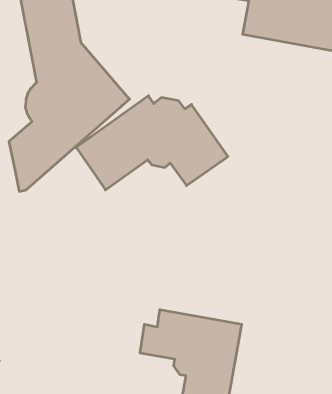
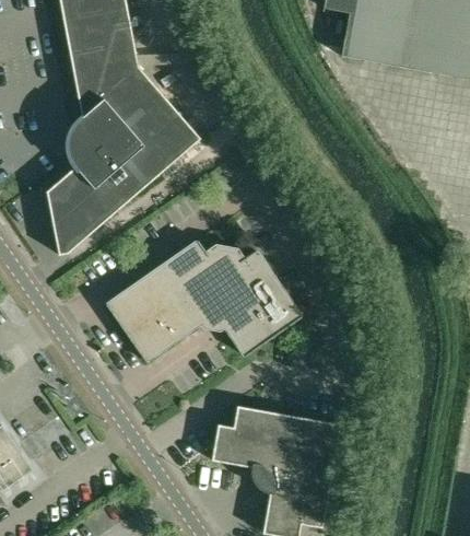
building: [76,96,228,190] -> [107,241,299,360]

